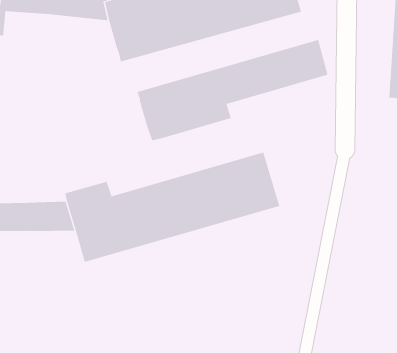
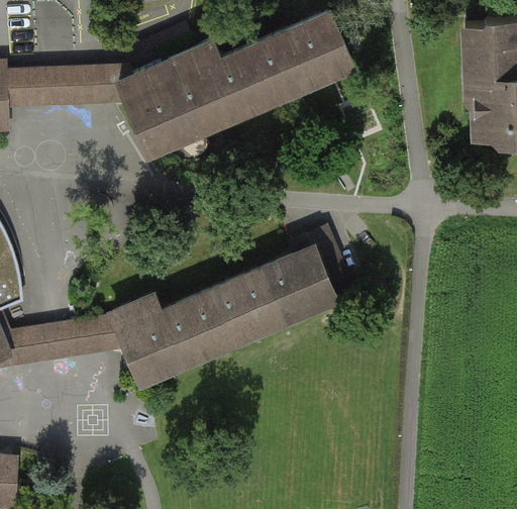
building: [137,39,328,141] -> none

